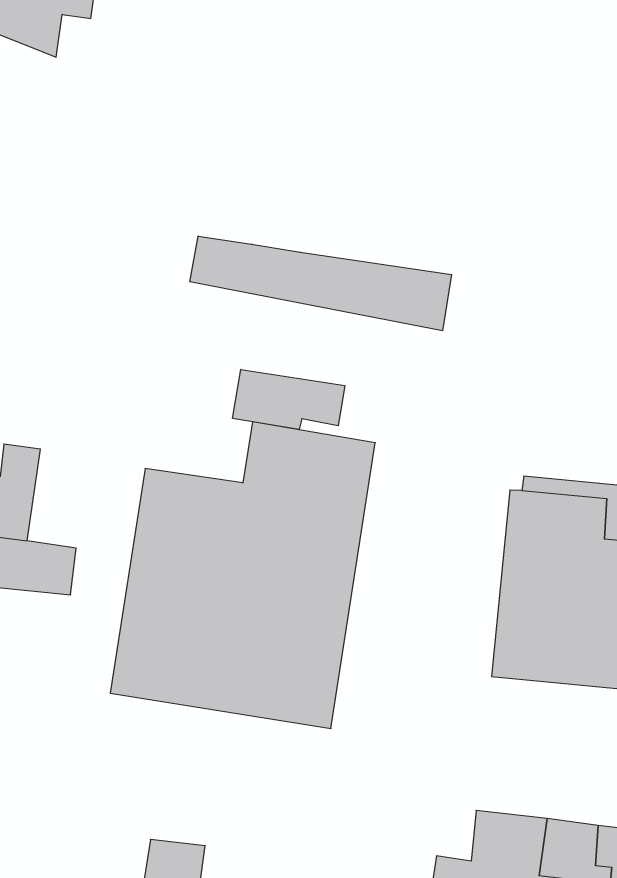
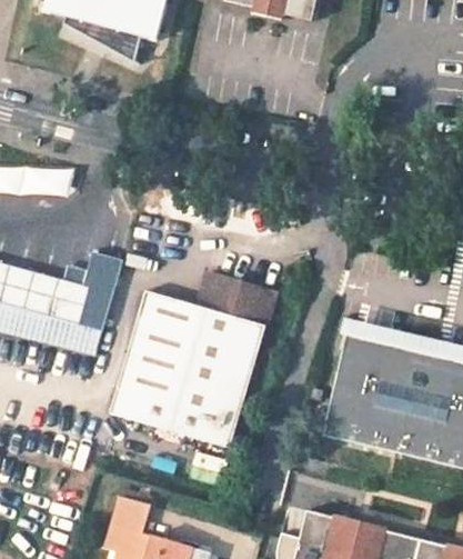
building: [190,236,451,331] -> none
building: [233,369,345,430] -> none
building: none -> [76,254,122,330]

